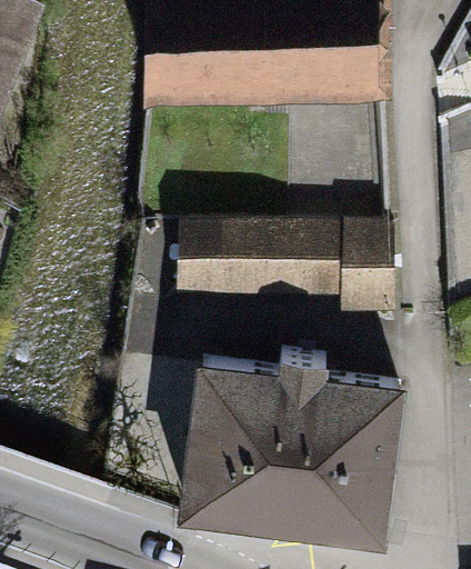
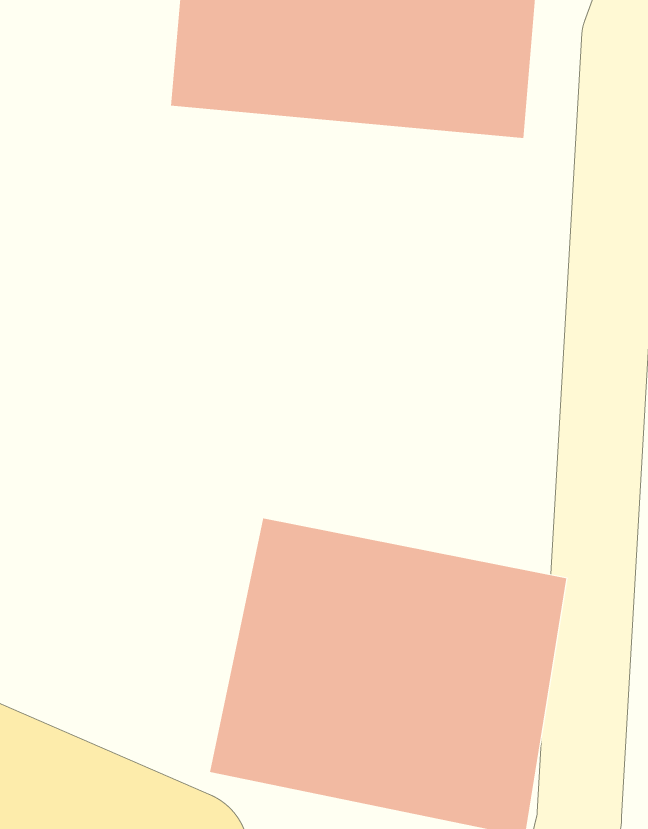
building: [192,232,383,317] -> none

